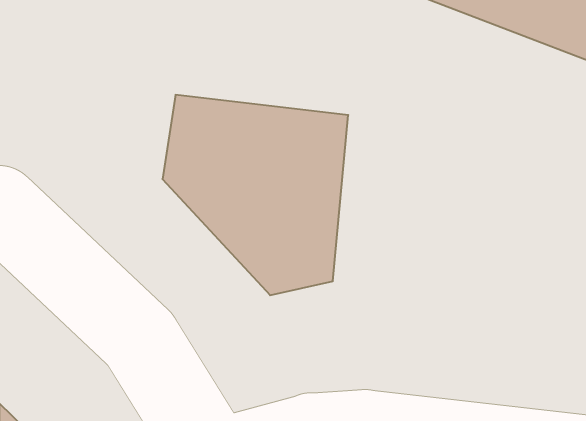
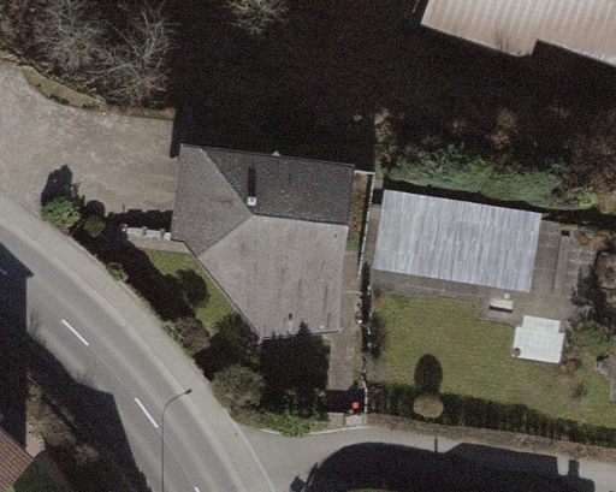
building: none -> [389,192,553,294]

